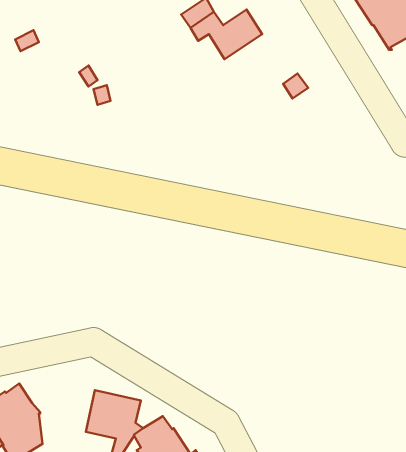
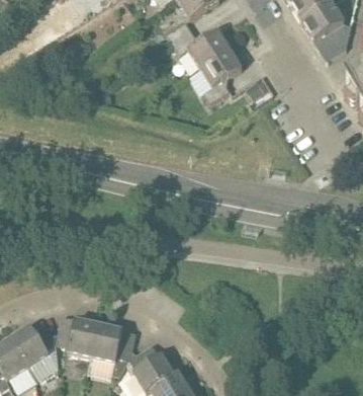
building: none -> [199,48,242,101]
building: none -> [51,315,99,355]

